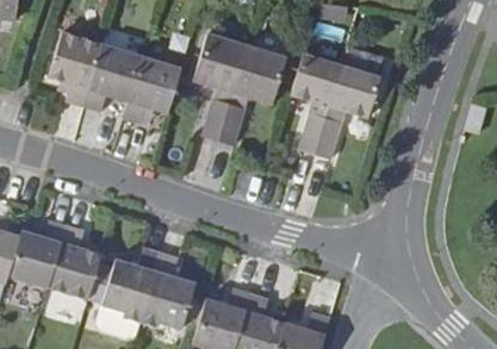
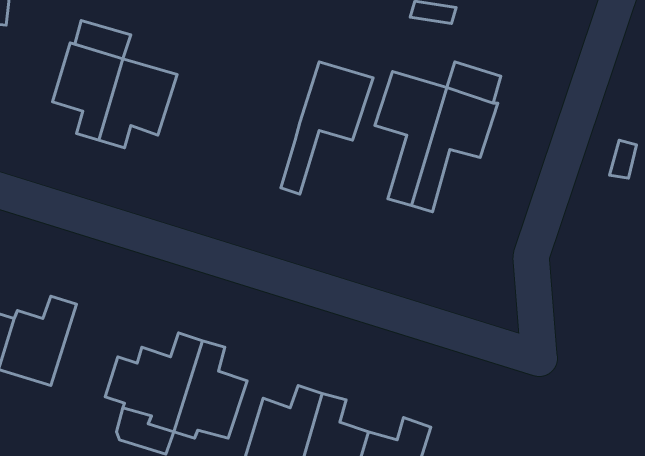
building: [193,35,248,142] -> none
building: [124,57,181,124] -> none
building: [48,229,101,301] -> none

